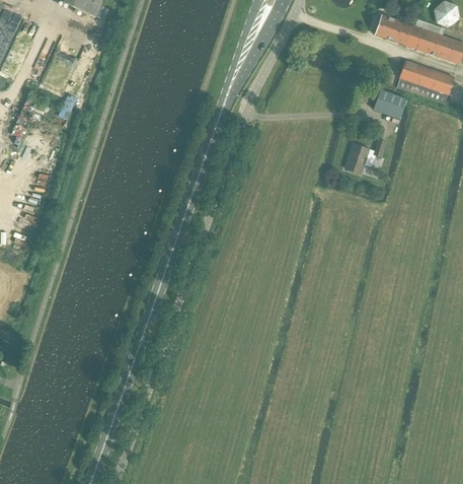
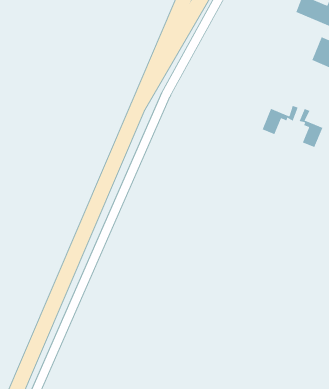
building: [373,89,397,116] -> none
building: none -> [299,108,323,148]

